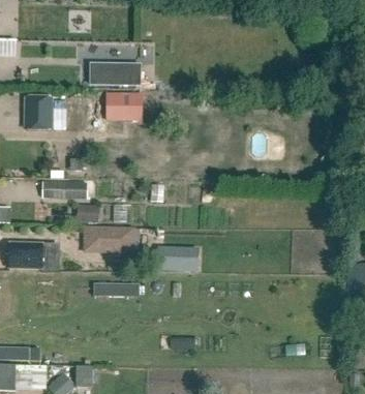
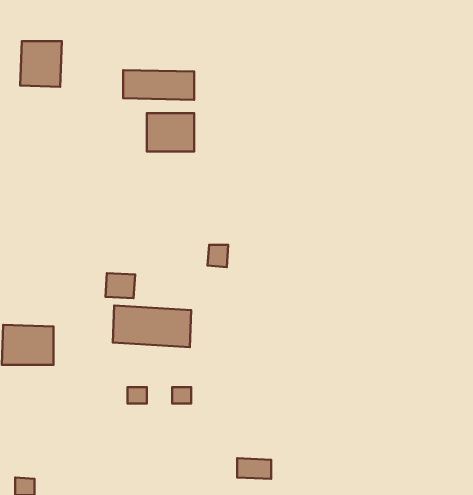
building: [23,95,52,127] -> [20,41,62,87]
building: [42,180,87,198] -> none
building: [158,245,201,269] -> none

